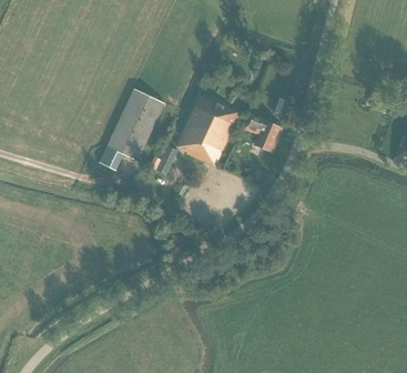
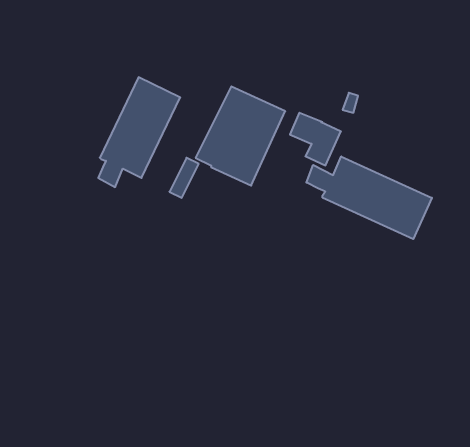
building: none -> [306,156,432,239]

